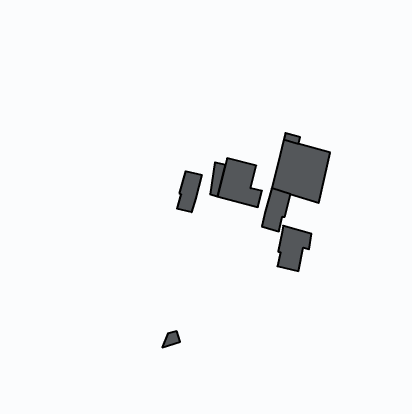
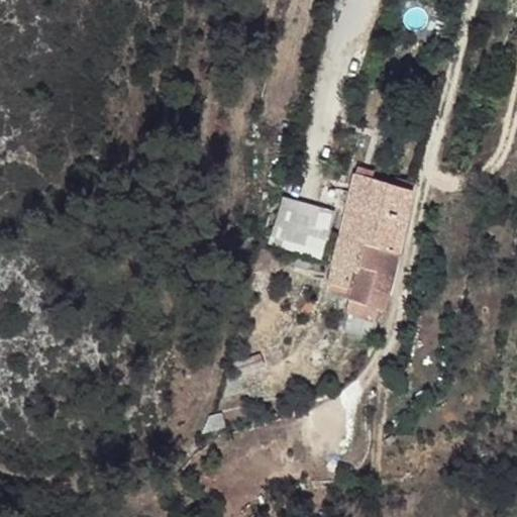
building: [177,171,202,212] -> none
building: none -> [355,241,400,291]

